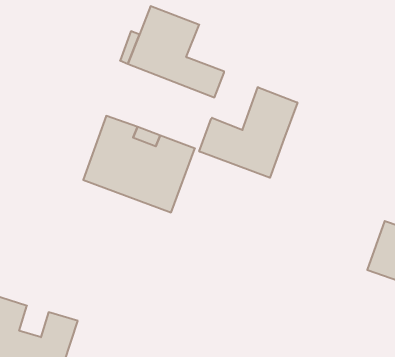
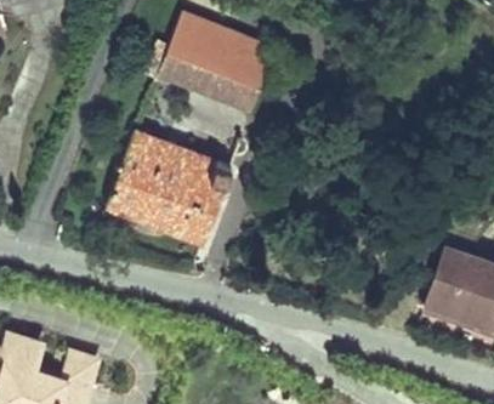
building: none -> [222,30,279,84]
building: [199,87,297,178] -> none

